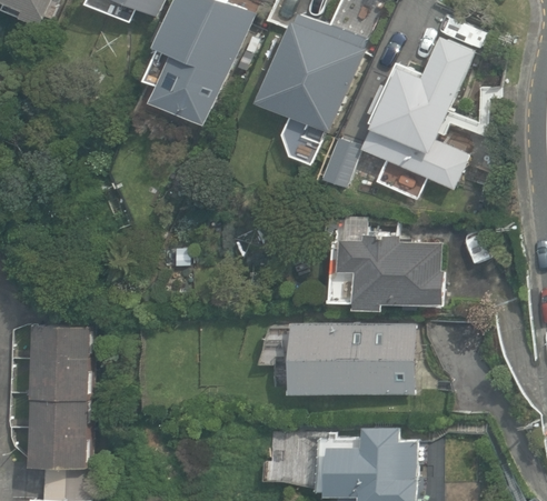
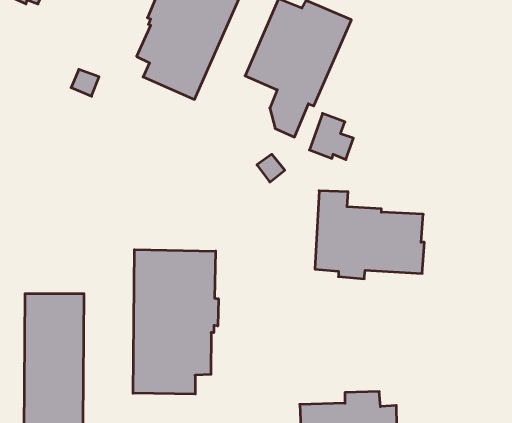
building: [361,36,476,189] -> none
building: none -> [133,250,218,394]
building: [257,323,414,395] -> none

